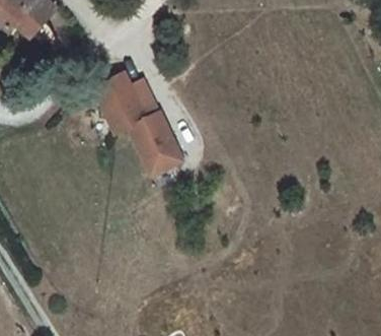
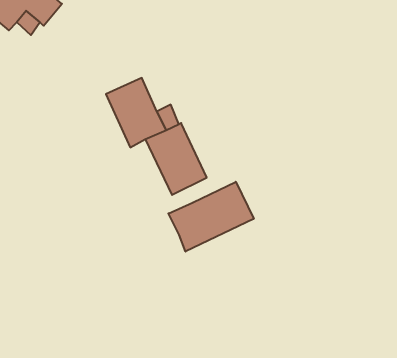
building: none -> [168,182,254,252]

